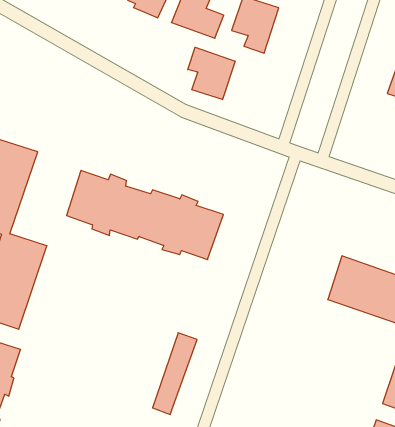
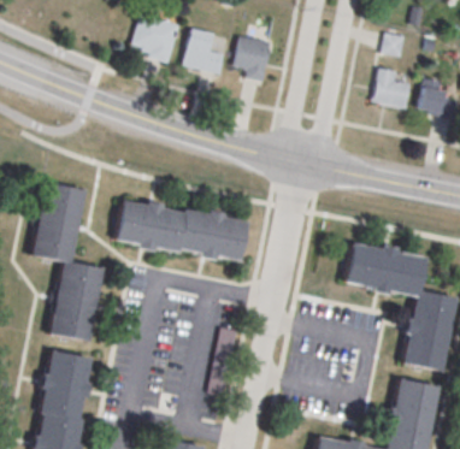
building: [188,47,235,100] -> none

